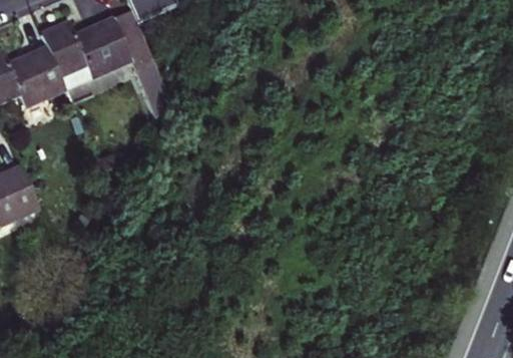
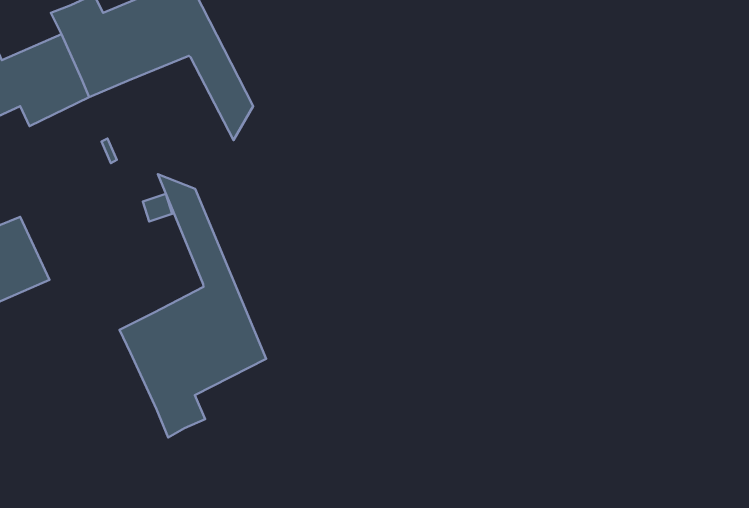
building: none -> [120,174,266,437]

